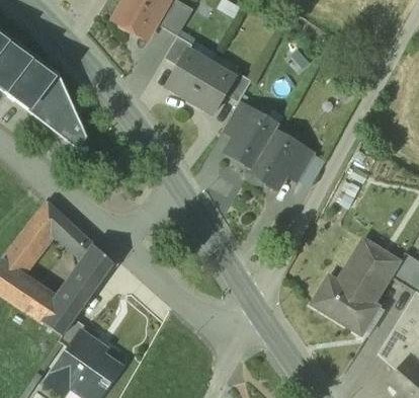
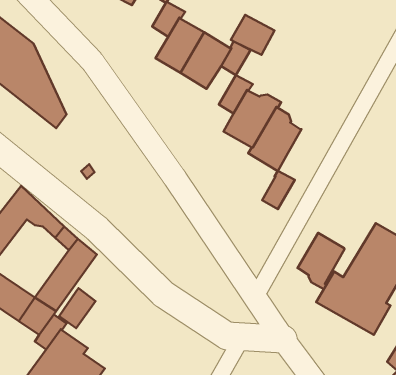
building: none -> [231,15,275,55]
building: [285,145,315,179] -> [262,171,295,209]
building: none -> [298,233,345,289]
building: none -> [59,288,95,328]

